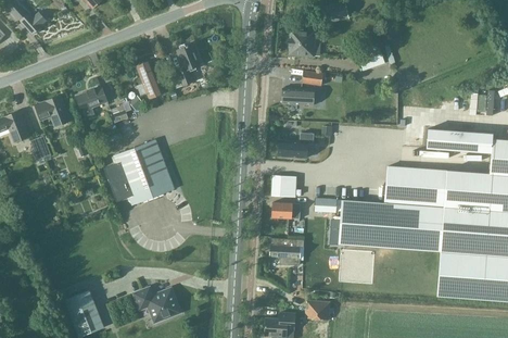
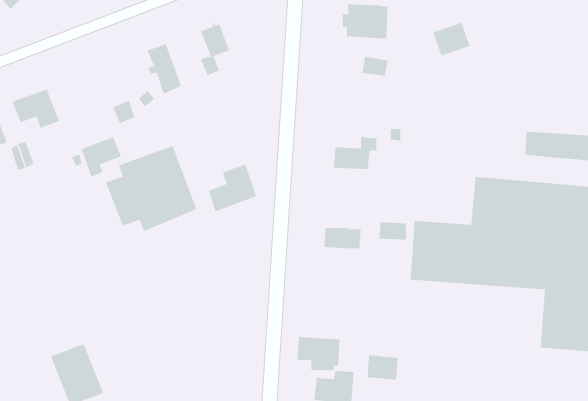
building: [76,86,107,117] -> [81,137,122,178]
building: [282,88,314,104] -> none
building: none -> [208,163,257,212]
building: [271,175,295,197] -> none
building: [269,238,303,264] -> [296,336,340,370]
building: [131,287,181,324] -> none

